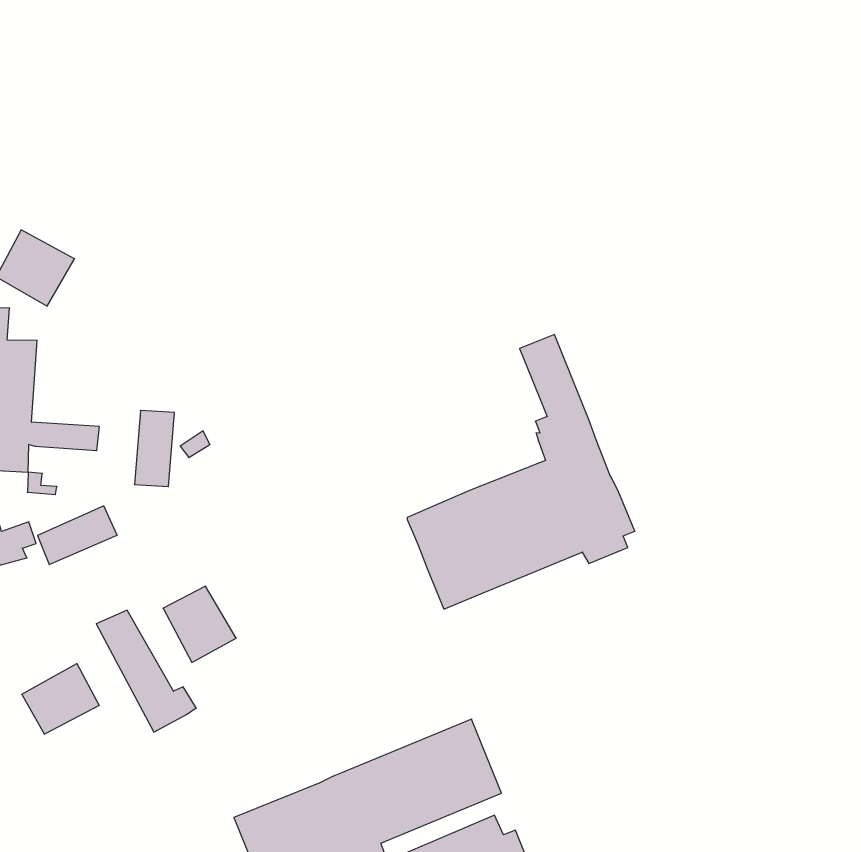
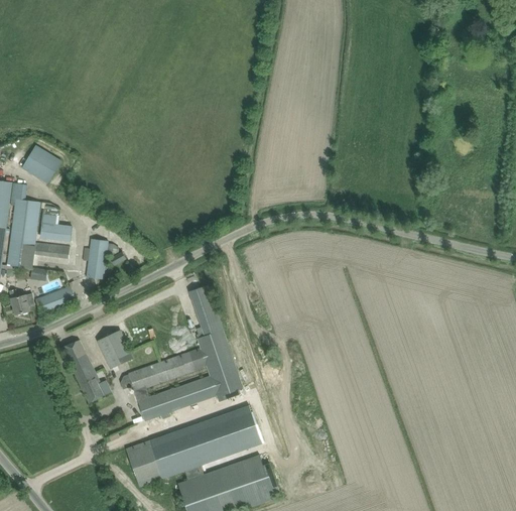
building: [407,335,635,609] -> [127,285,242,421]
building: none -> [39,209,72,242]
building: [22,664,99,734] -> none

